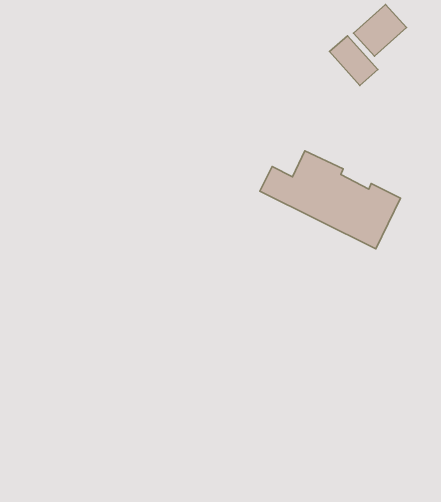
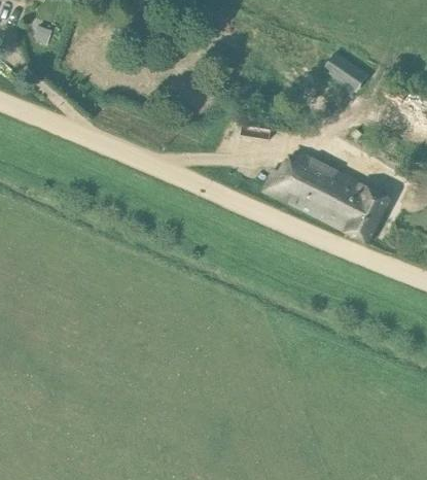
building: [354,5,406,56] -> none

